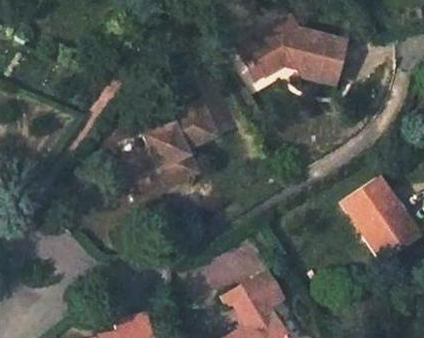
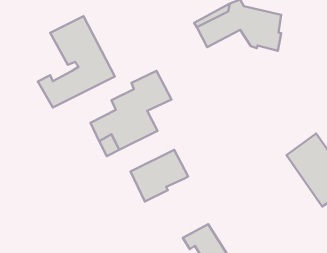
building: none -> [38,16,115,107]
building: none -> [131,150,188,202]

